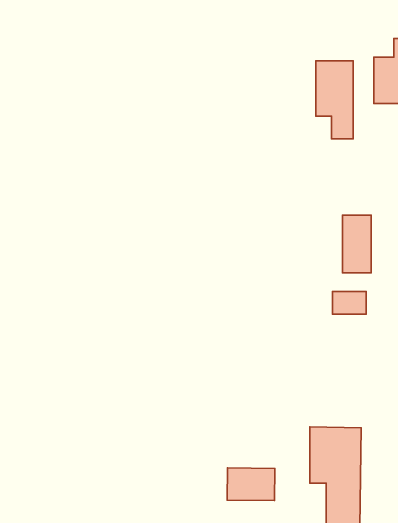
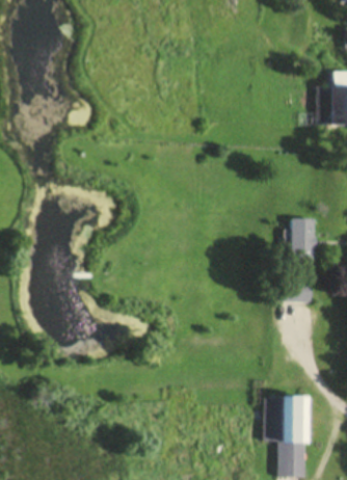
building: [316,61,353,139] -> none
building: [227,468,275,501] -> none

